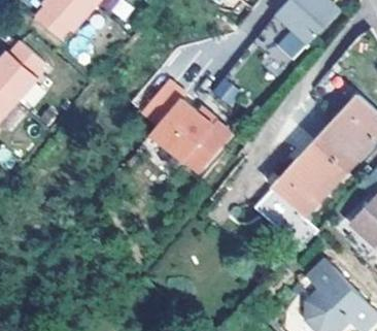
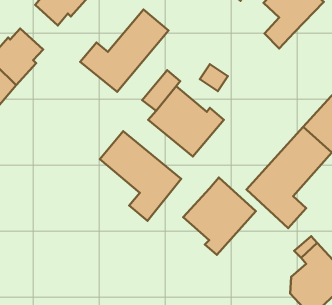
building: none -> [80,10,168,92]
building: none -> [100,131,181,221]
building: none -> [183,178,256,255]

